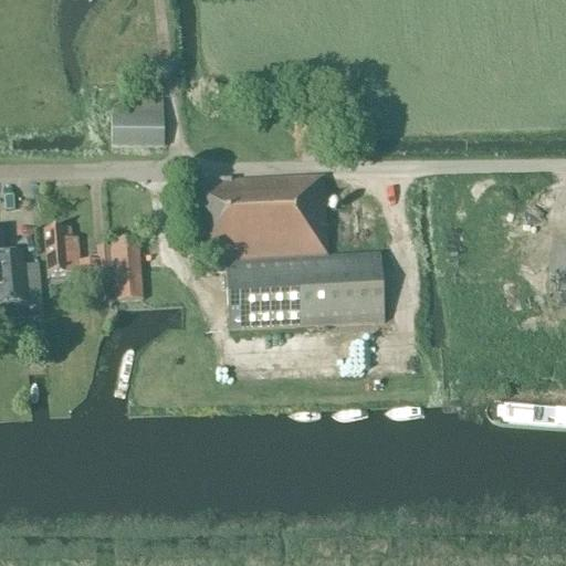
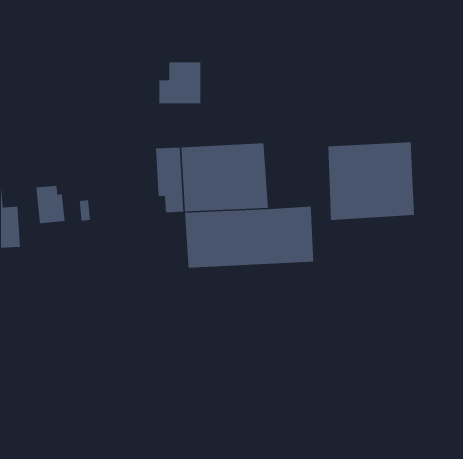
building: [112,92,164,144] -> [159,61,201,104]
building: none -> [327,142,415,221]
building: [112,237,143,300] -> none

